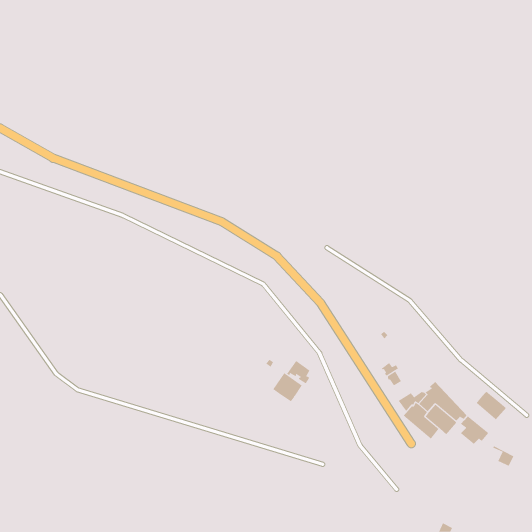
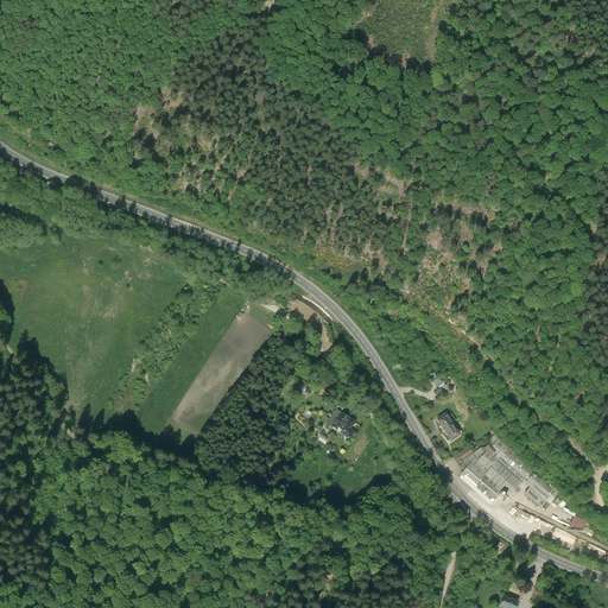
building: [272,373,303,402] -> none
building: [476,391,507,420] -> none

